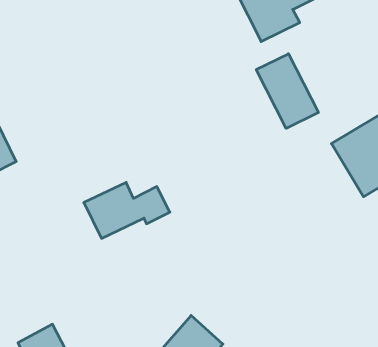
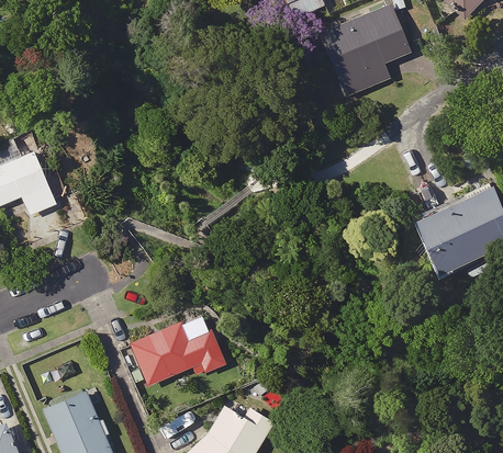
building: [256,54,318,128] -> none
building: [84,182,170,238] -> [130,324,225,384]

